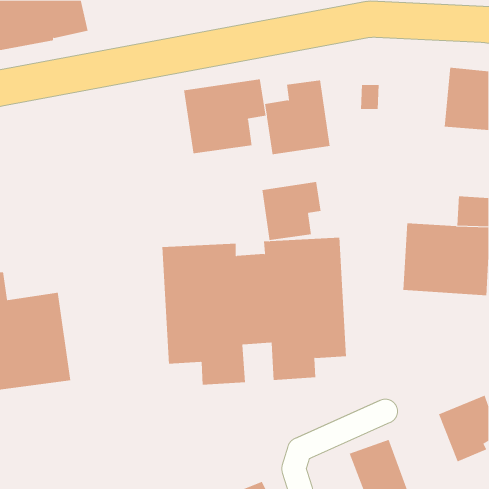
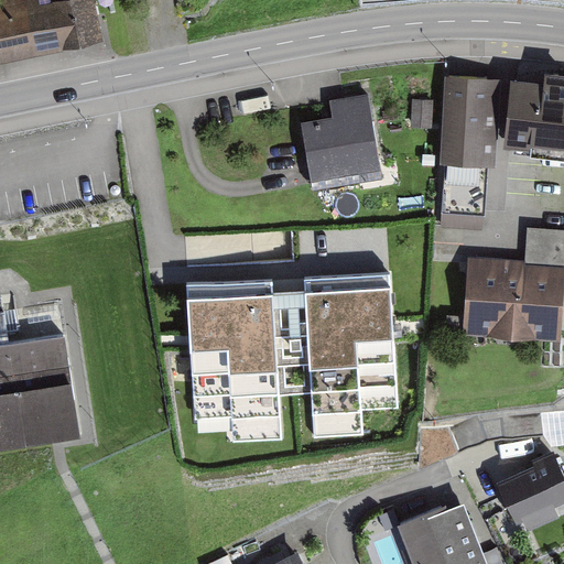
building: none -> [440,77,498,219]
building: [184,78,266,154] -> none
building: [262,181,321,241] -> none

